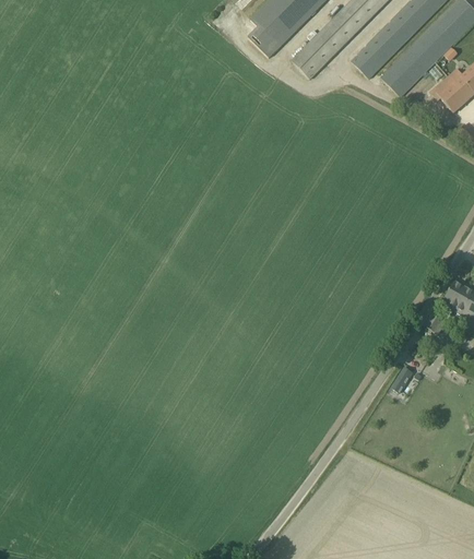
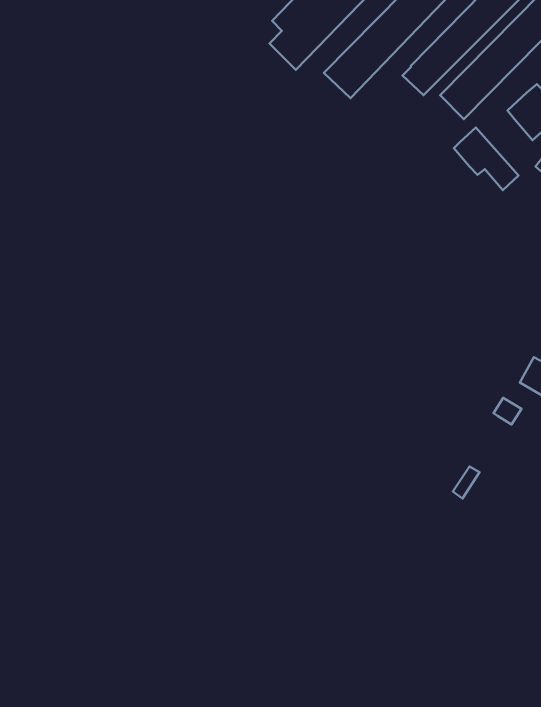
building: none -> [454,128,519,190]

